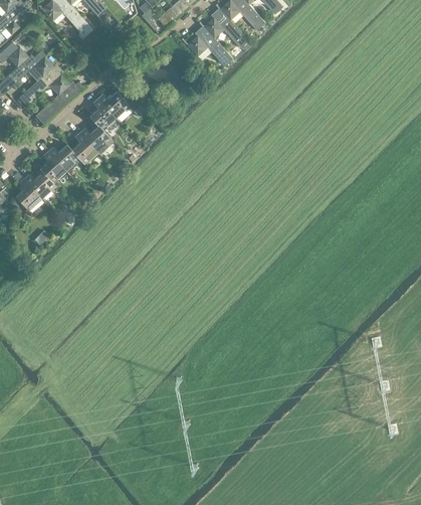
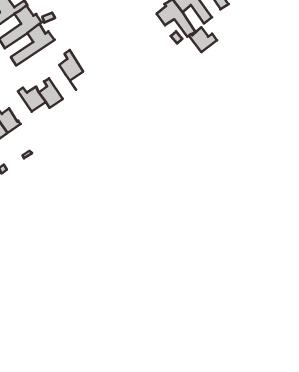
building: none -> [189,27,217,52]
building: [97,92,143,120] -> none
building: [79,126,111,153] -> none
building: [38,152,65,185] -> none

